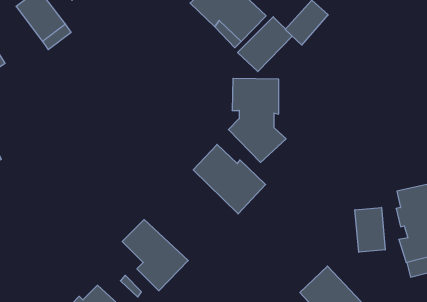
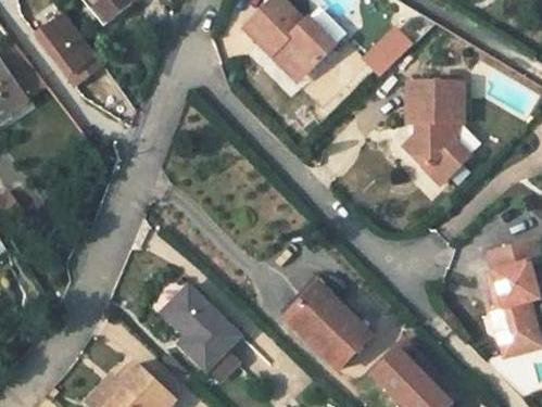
building: [228,78,286,162] -> [402,86,470,186]
building: [193,144,266,214] -> [286,287,371,369]
building: [355,207,385,252] -> none

